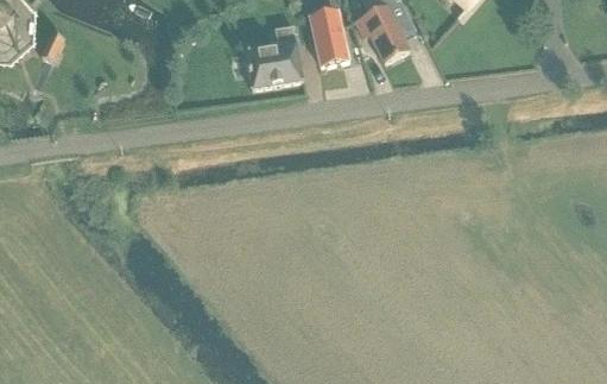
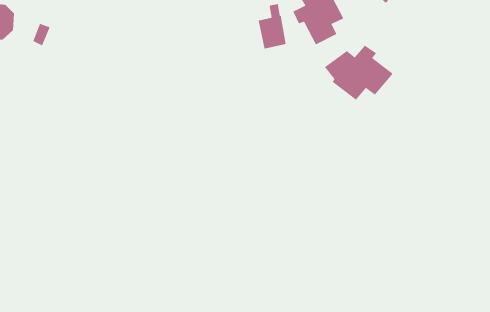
building: [244,25,298,88] -> none
building: none -> [324,45,394,101]

